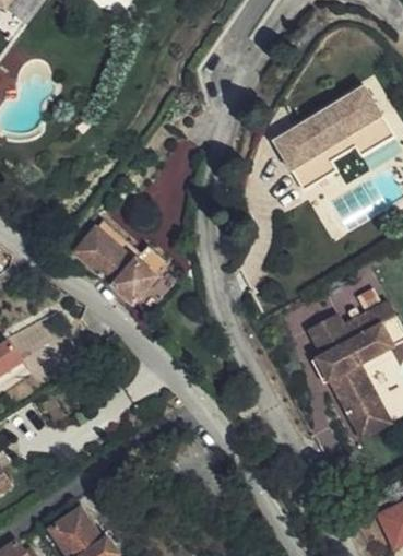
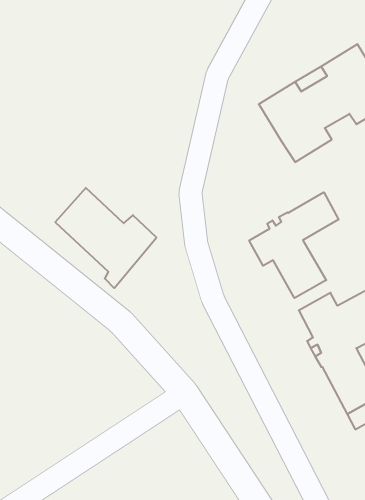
building: none -> [249,192,339,298]

